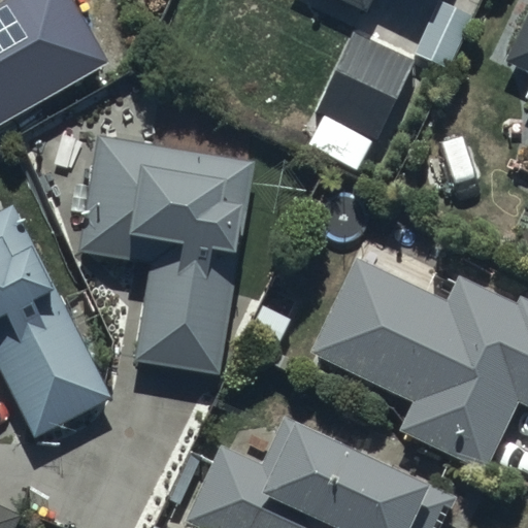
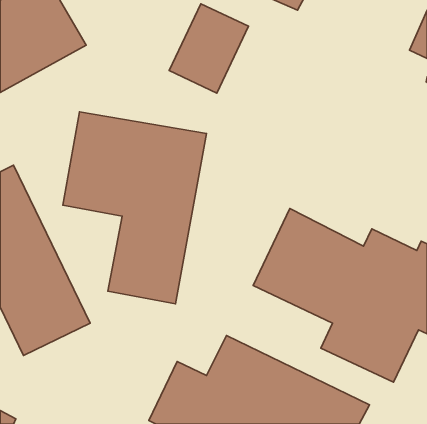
building: [317,29,415,139] -> [169,4,248,93]

